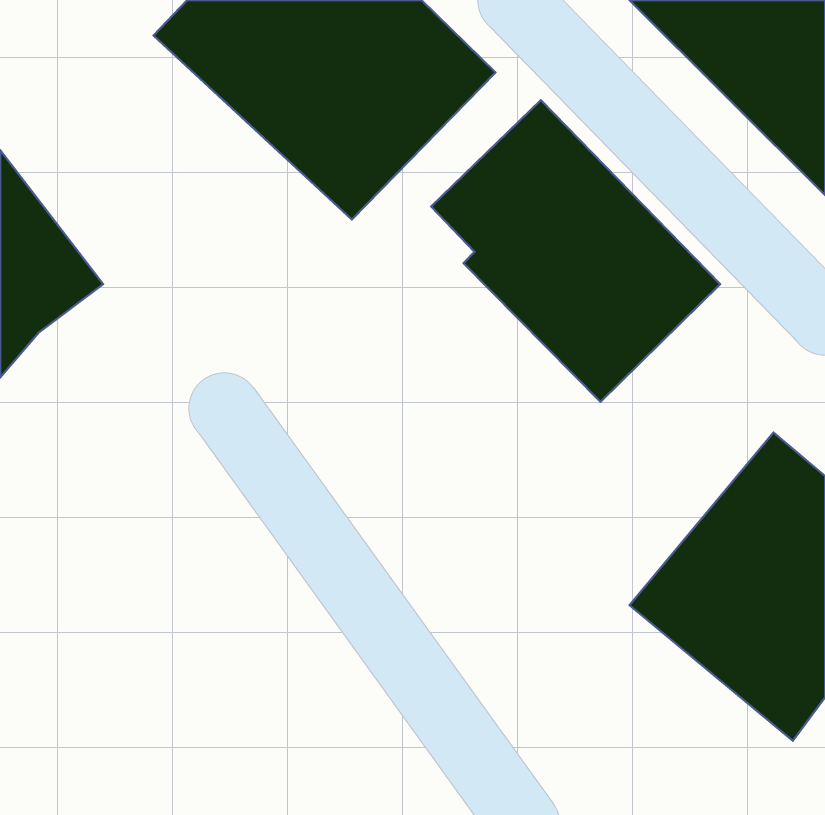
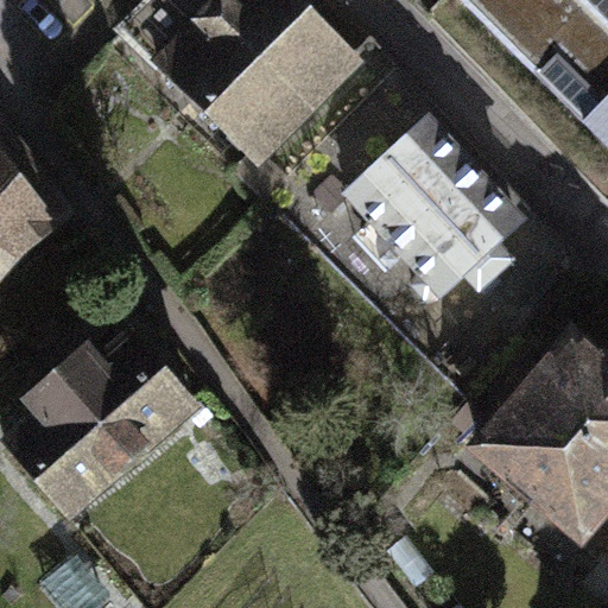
building: none -> [8,337,198,520]

